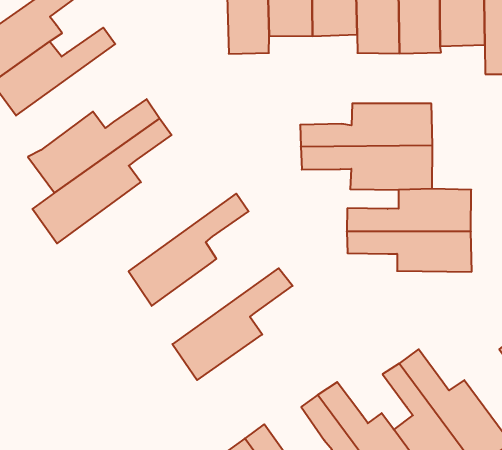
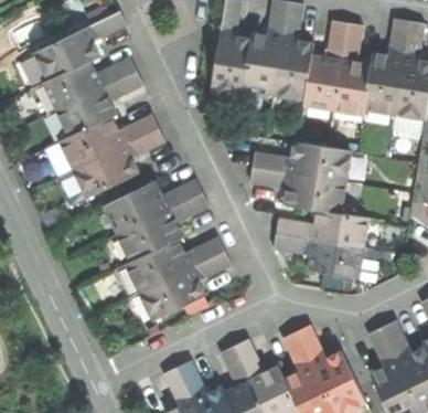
building: none -> [54,71,140,137]
building: none -> [100,178,201,234]
building: none -> [124,236,222,292]

